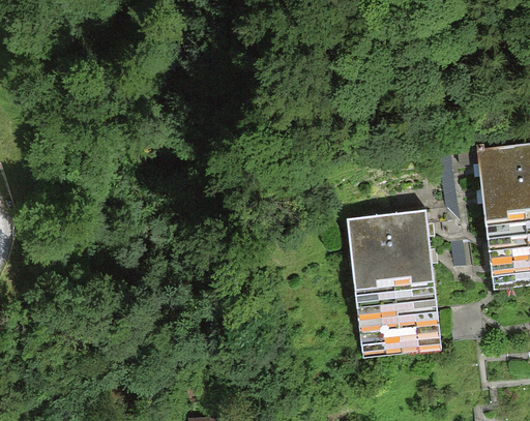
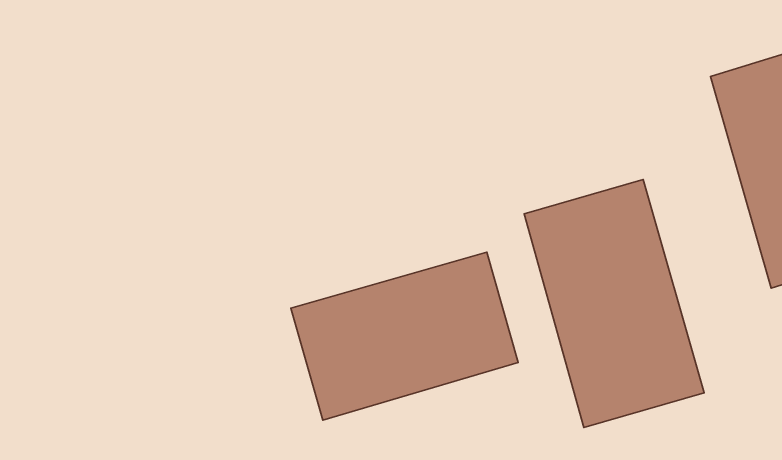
building: none -> [291,252,518,420]

